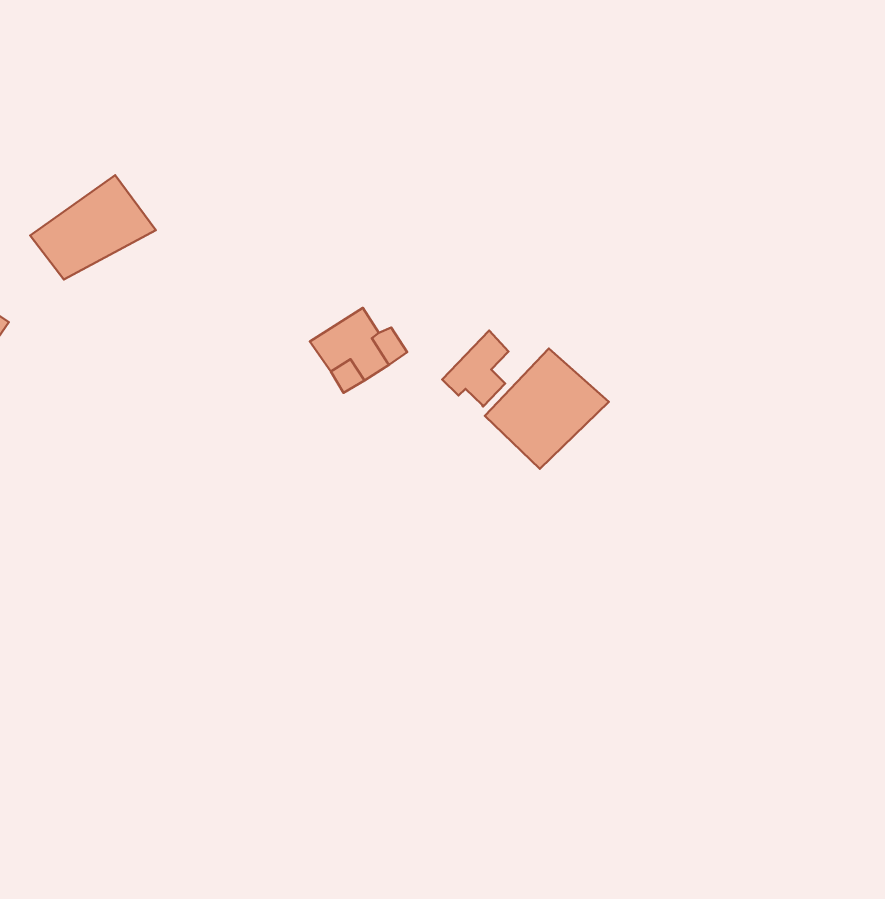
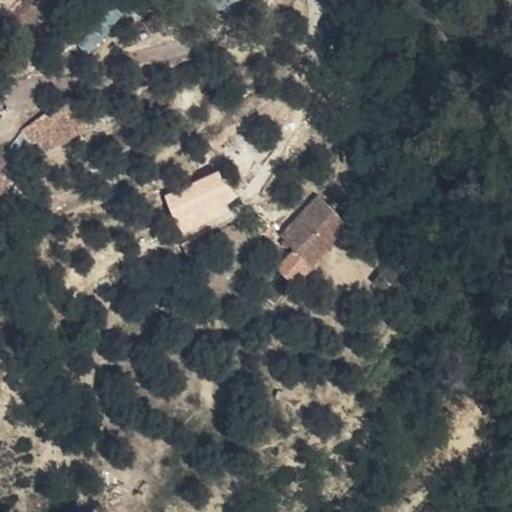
building: [442,330,509,407] -> none

